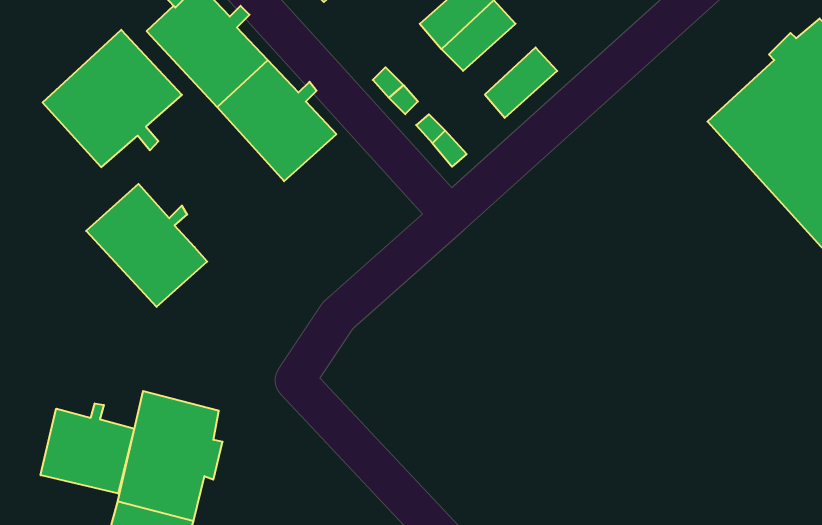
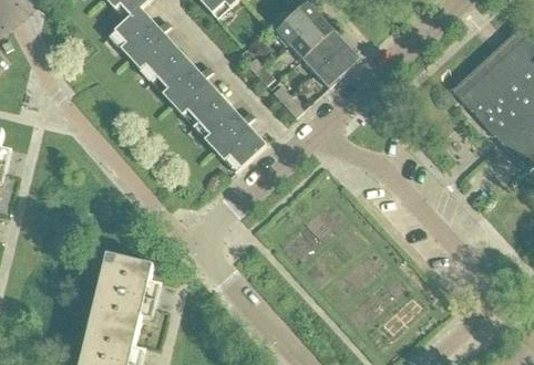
building: none -> [301,30,346,73]
building: [43,30,182,167] -> none
building: [86,184,207,307] -> [192,97,266,173]
building: [41,403,134,494] -> none

